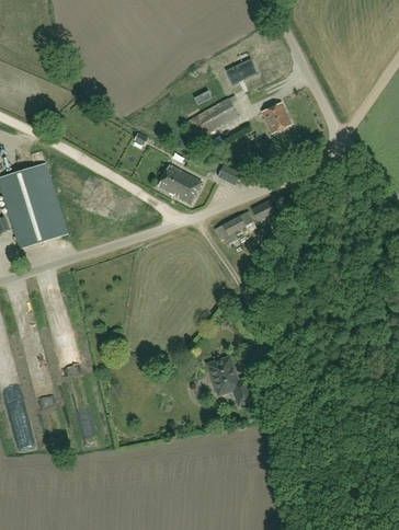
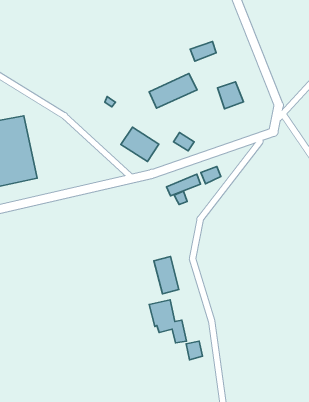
building: none -> [154,257,179,294]

